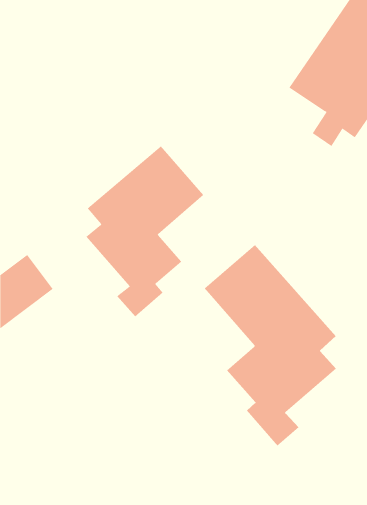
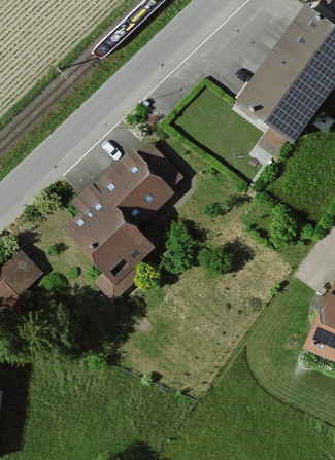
building: [204,244,337,446] -> none

